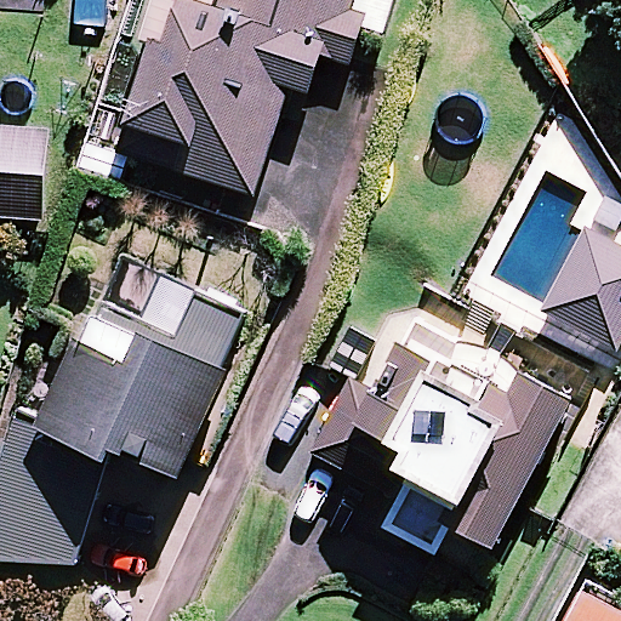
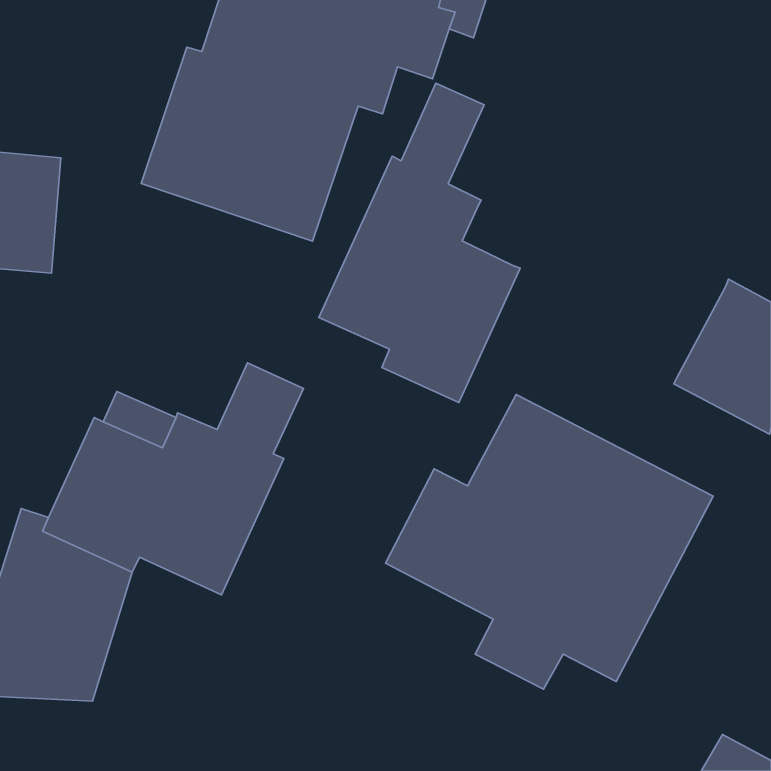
building: none -> [319,83,520,402]

